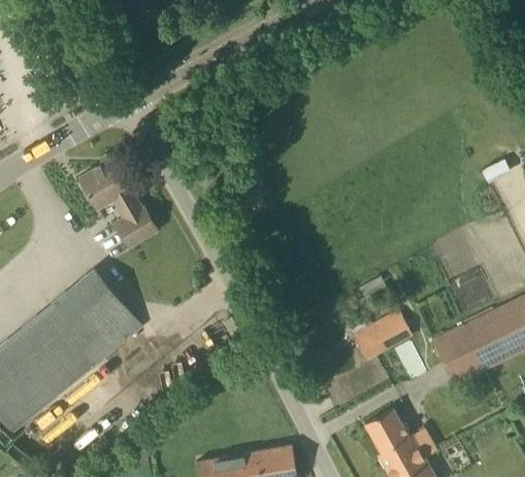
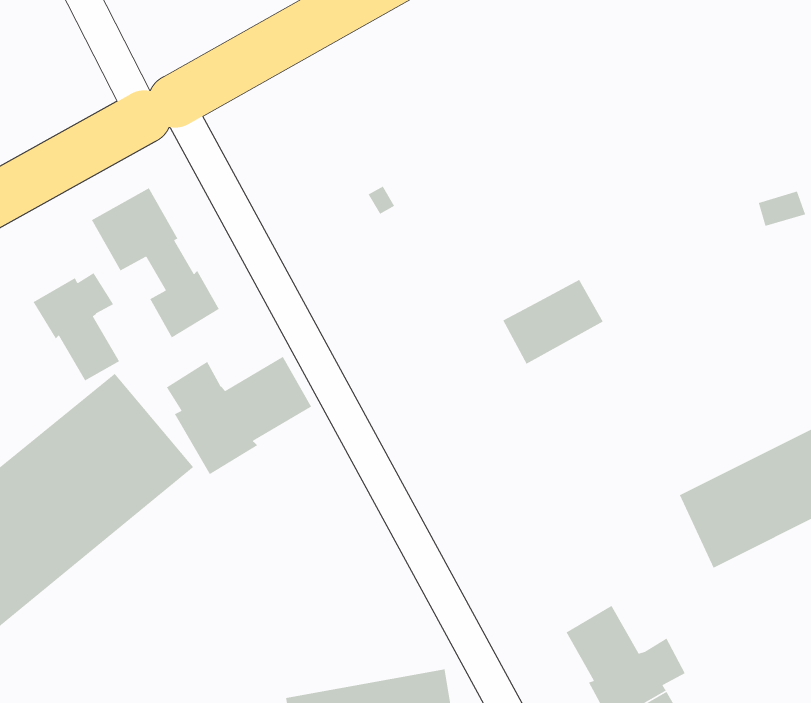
building: none -> [32,272,120,381]
building: none -> [166,356,312,475]
building: [352,310,413,362] -> [502,279,604,365]

